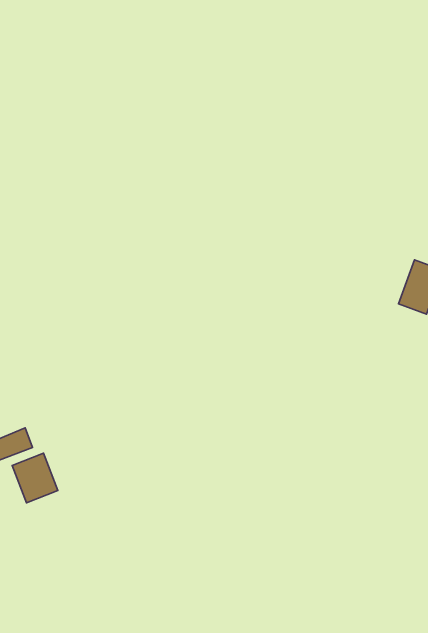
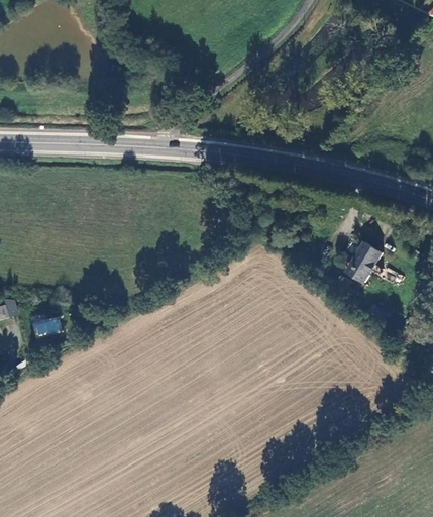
building: [12,453,58,503] -> none

